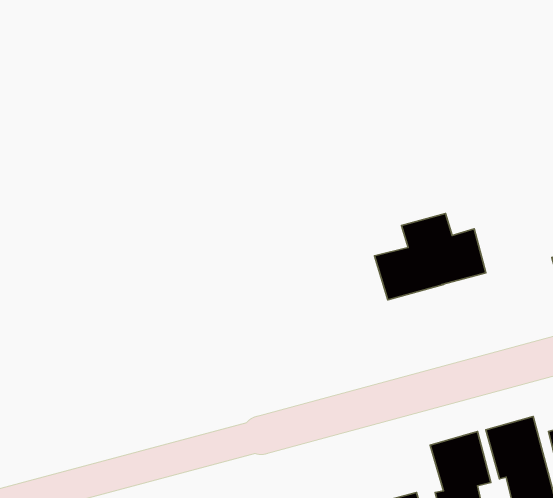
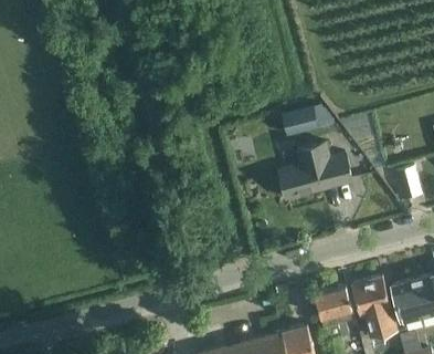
building: none -> [279,103,334,136]

